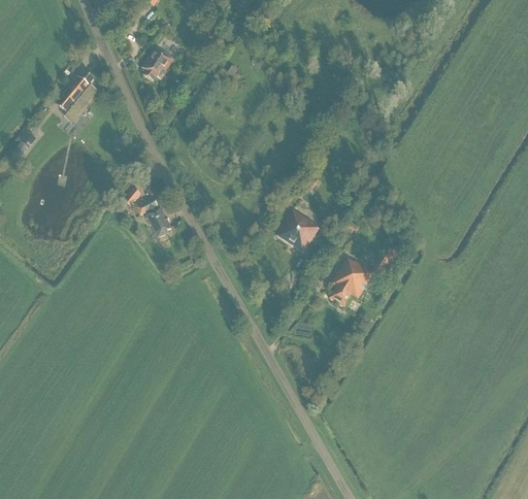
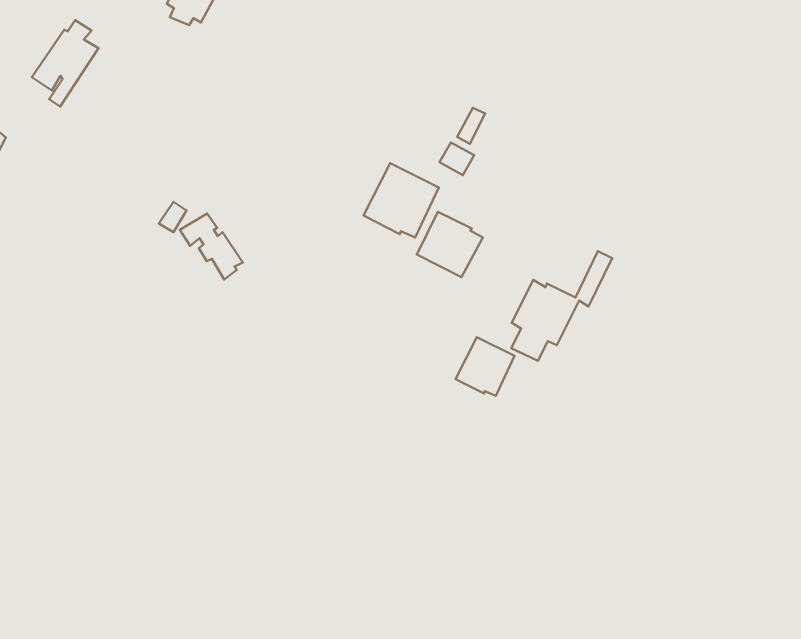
building: none -> [363,163,439,238]
building: none -> [456,337,515,396]

